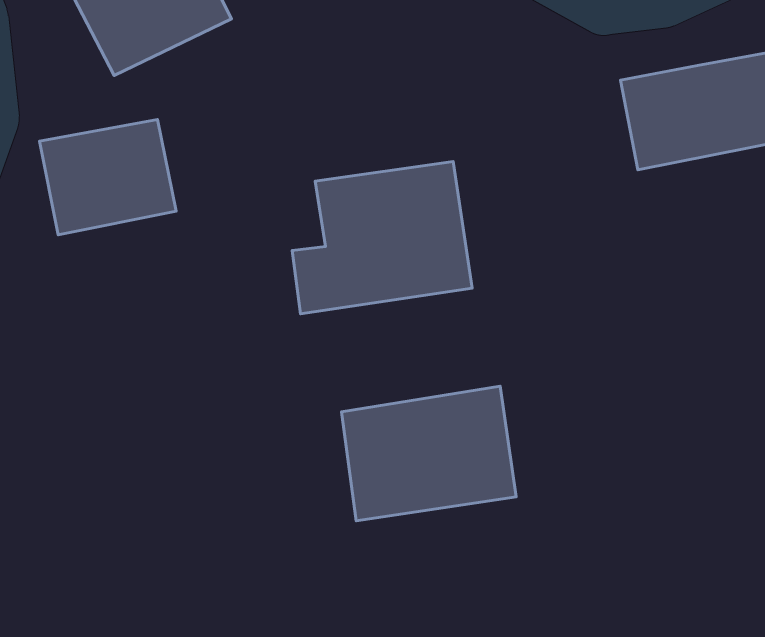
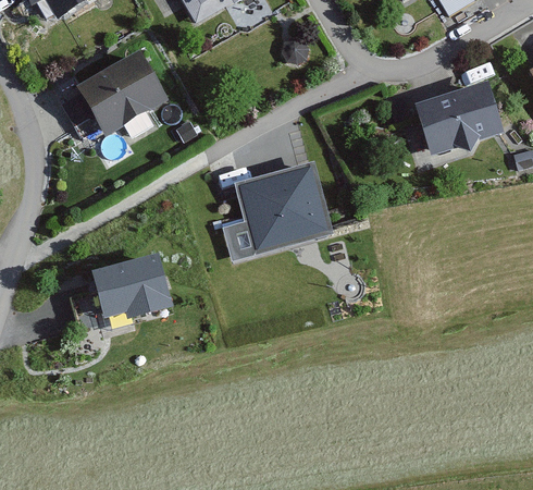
building: [40,119,176,235] -> [88,254,173,328]
building: [342,386,516,521] -> none

